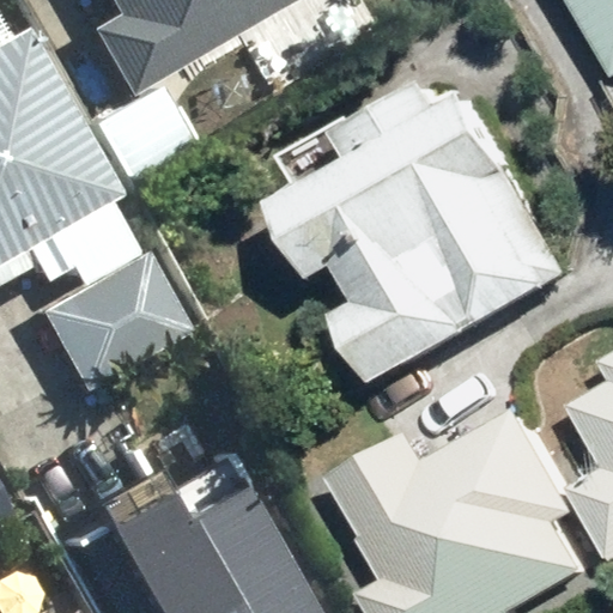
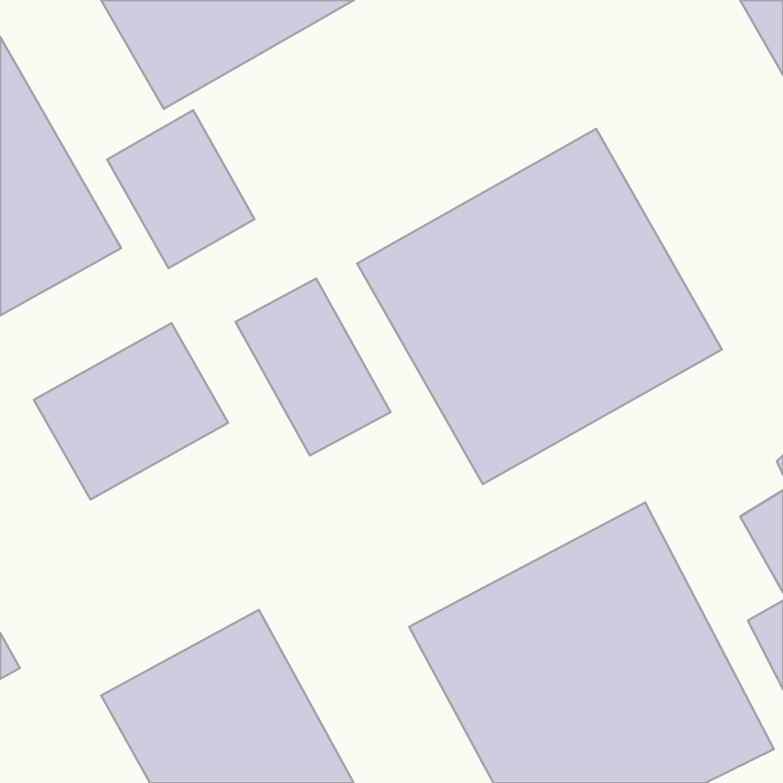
building: none -> [236,278,390,456]

